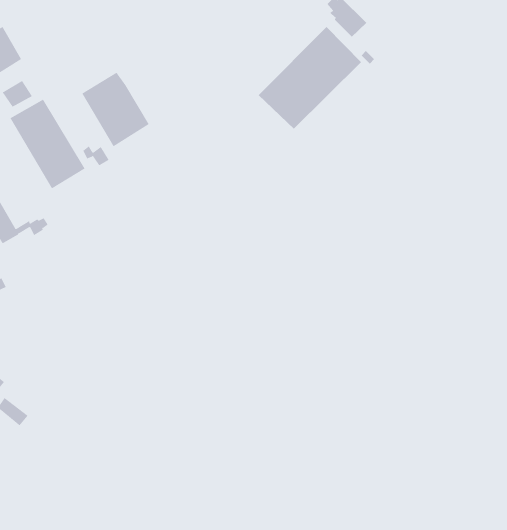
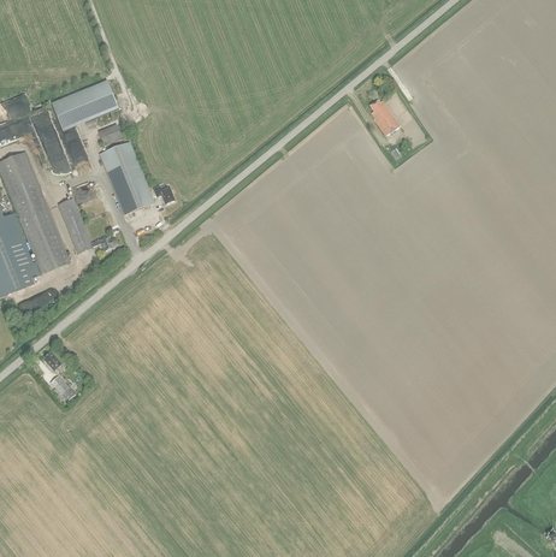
building: [258,26,362,130] -> none
building: [82,72,149,147] -> none

